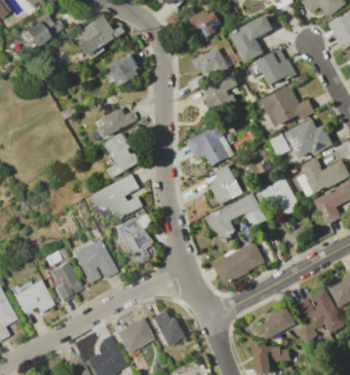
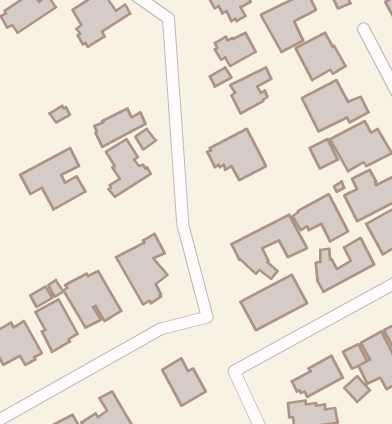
building: [106,54,144,87] -> none
building: [205,163,242,205] -> none
building: [91,174,144,223] -> [20,148,86,210]
building: none -> [316,238,374,292]
building: [114,316,154,353] -> none

